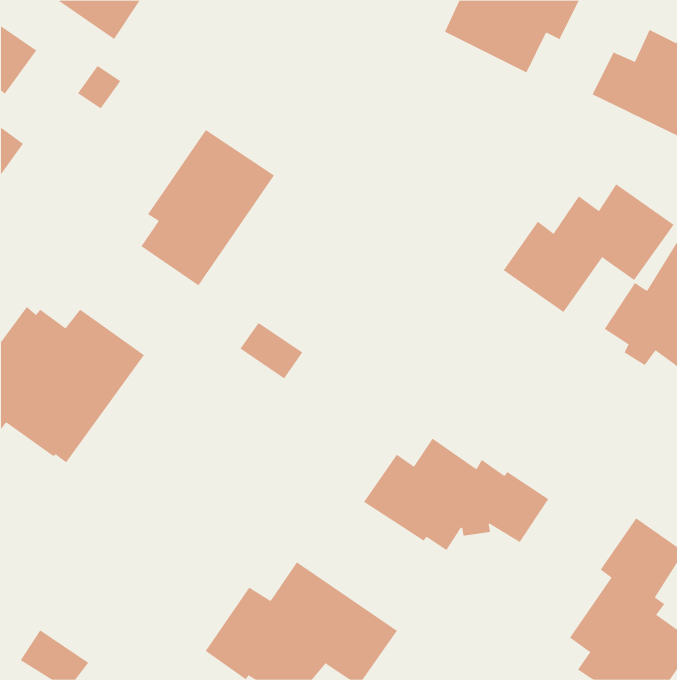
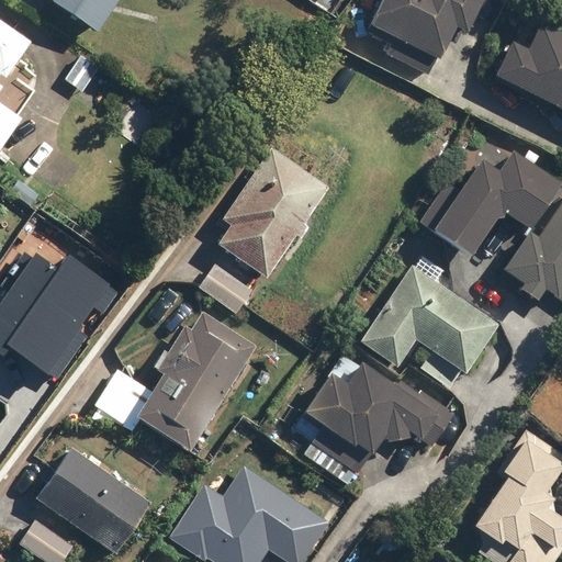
building: [140,129,275,286] -> [217,148,328,278]
building: none -> [358,265,497,374]
building: none -> [95,311,257,451]
building: none -> [37,448,153,553]

